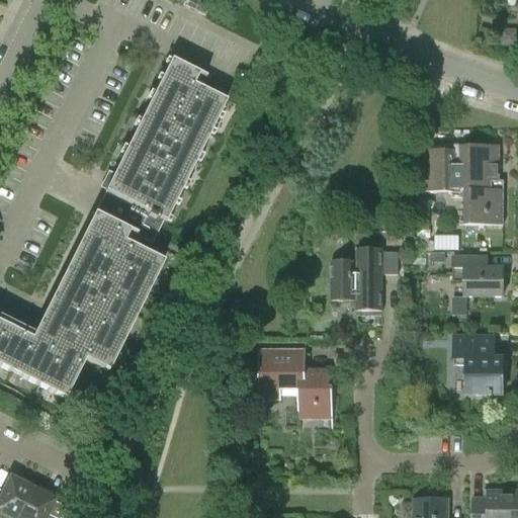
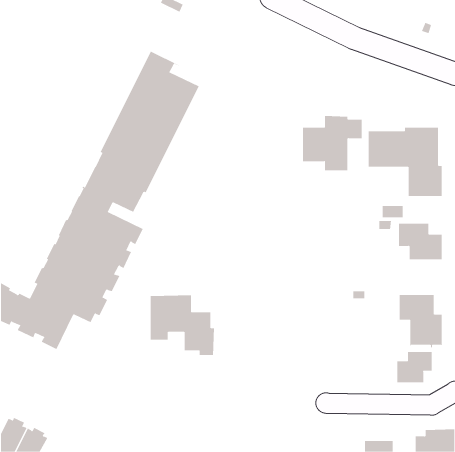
building: [330,247,399,310] -> [302,116,363,171]
building: [259,347,333,416] -> [150,295,215,355]
building: none -> [397,351,432,383]

